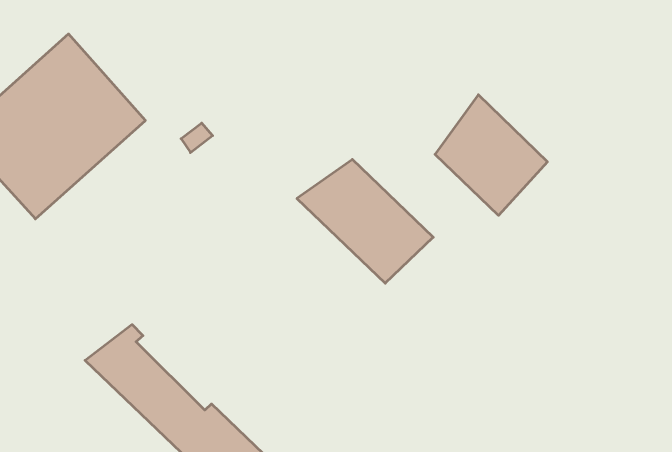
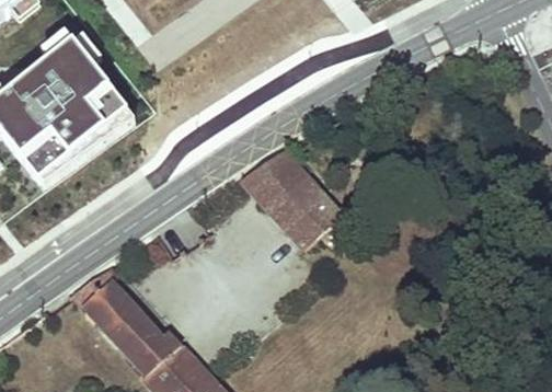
building: [435,95,547,215] -> none

